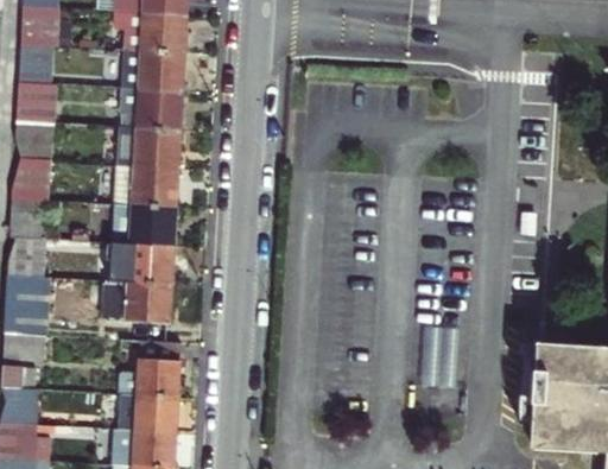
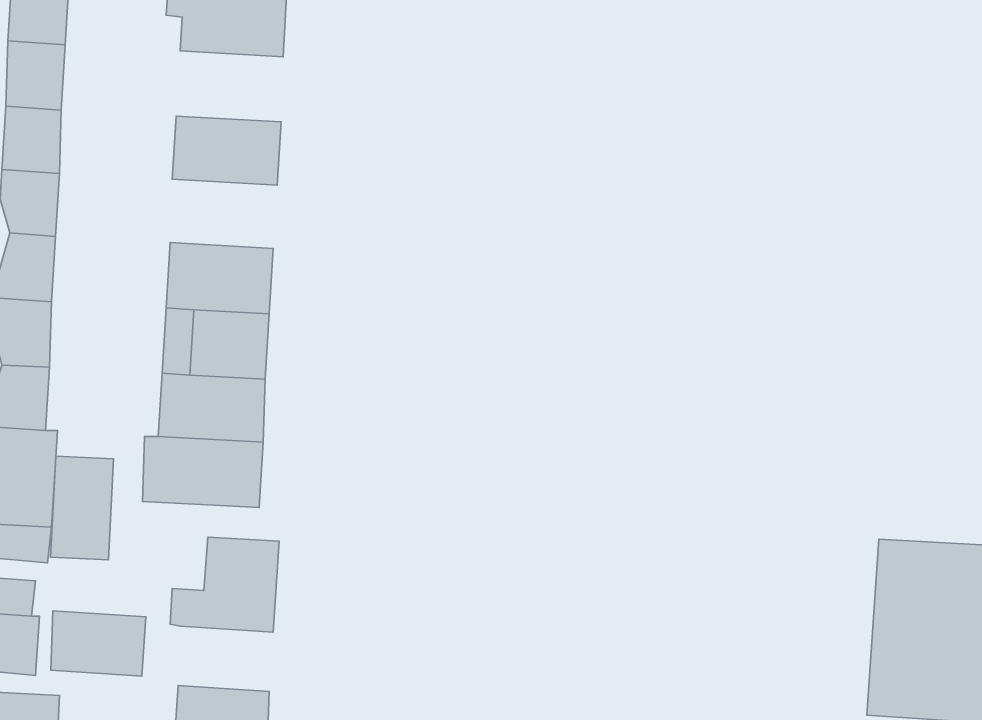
building: [120,49,184,91] -> none
building: [116,126,180,167] -> none
building: none -> [51,456,114,560]
building: [121,394,178,433] -> [51,611,146,676]

